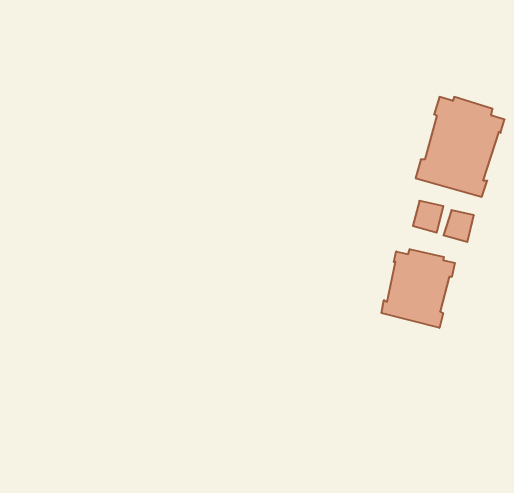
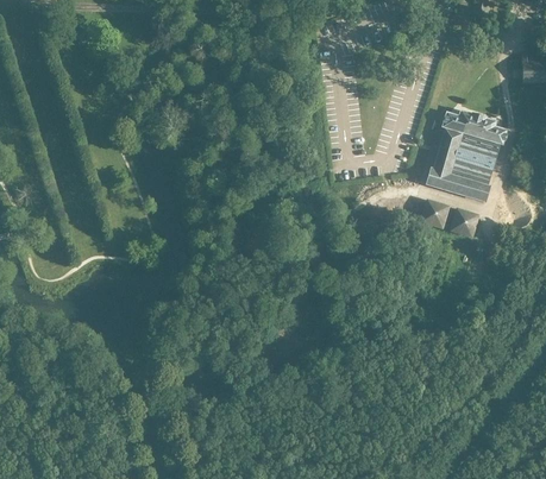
building: [381,249,455,328] -> none

